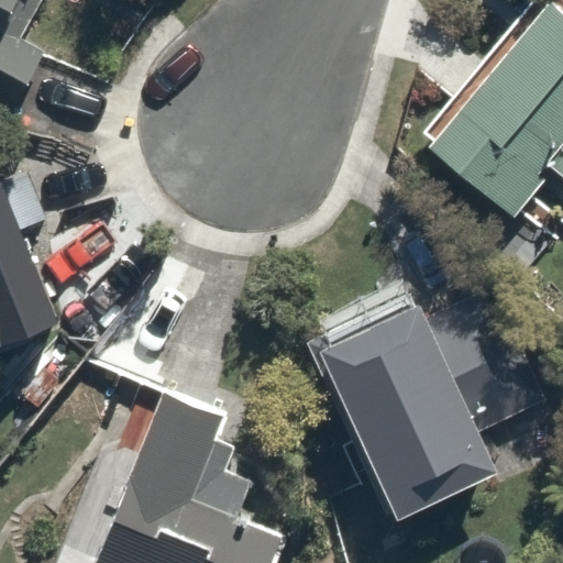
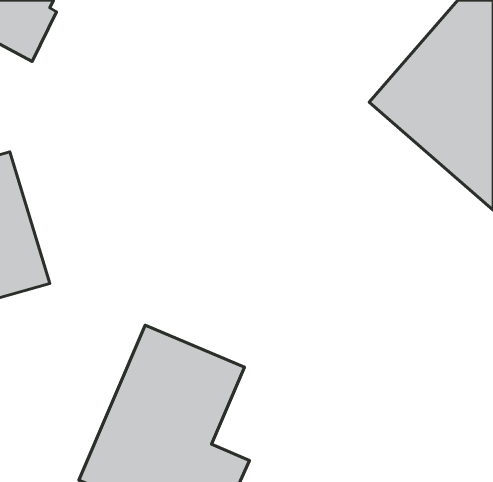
building: [313,292,506,520] -> none

